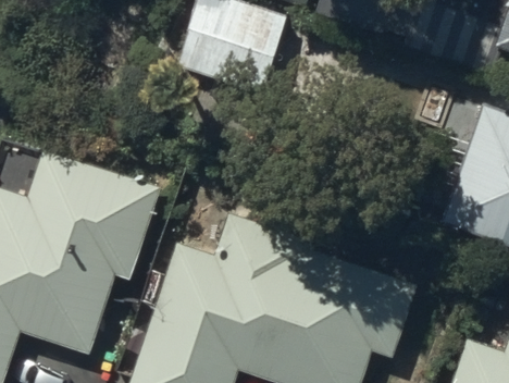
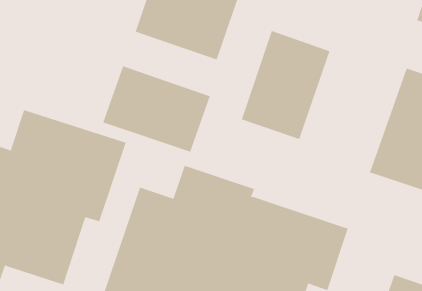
building: none -> [241,30,330,140]
building: none -> [102,66,210,152]

